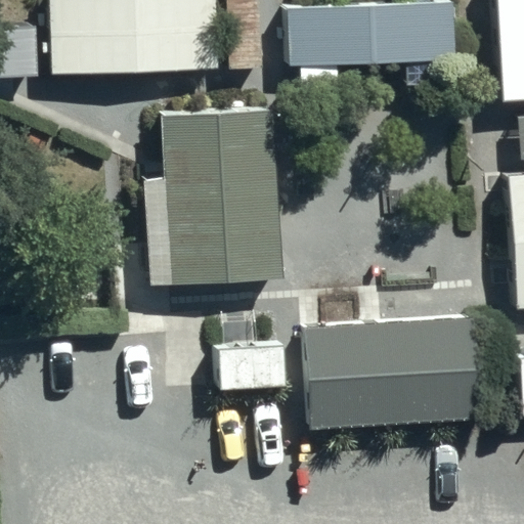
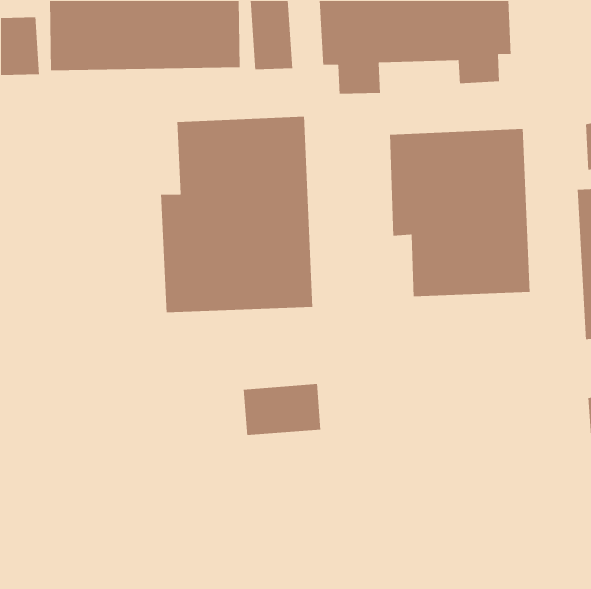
building: none -> [389,128,530,297]
building: [304,317,479,427] -> none

